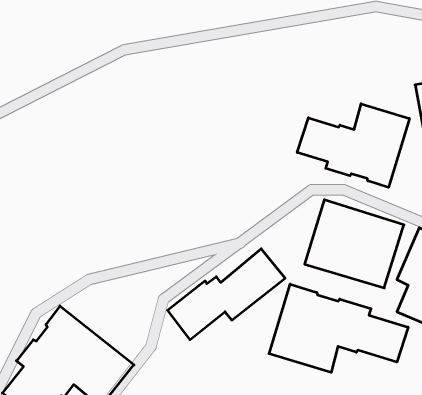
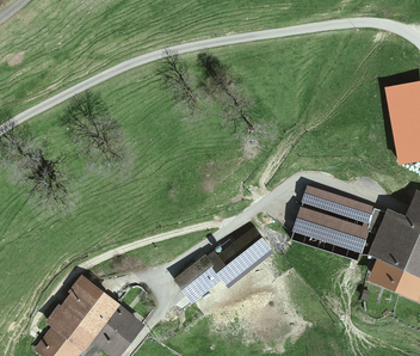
building: [297,104,409,187] -> none
building: [269,284,408,372] -> none

